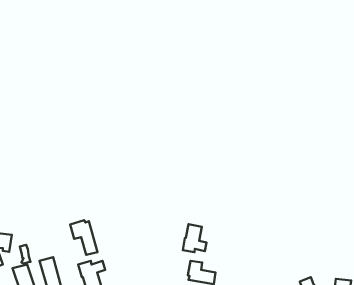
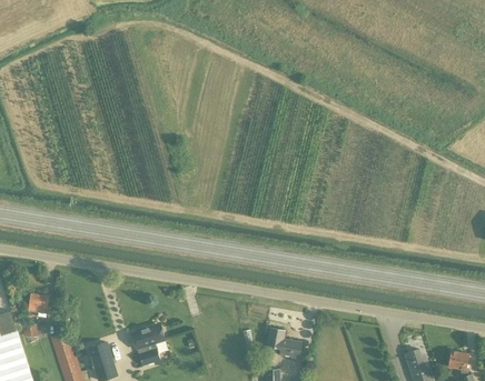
building: [70,220,98,255] -> none
building: [183,224,207,252] -> none

